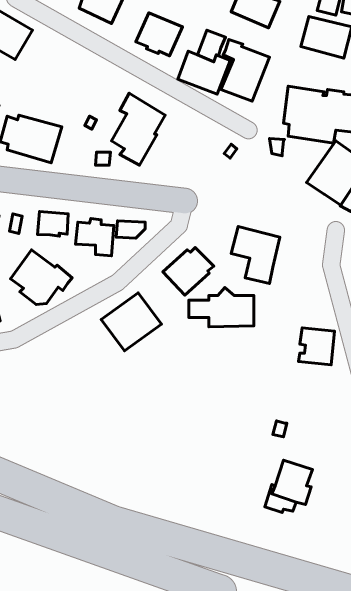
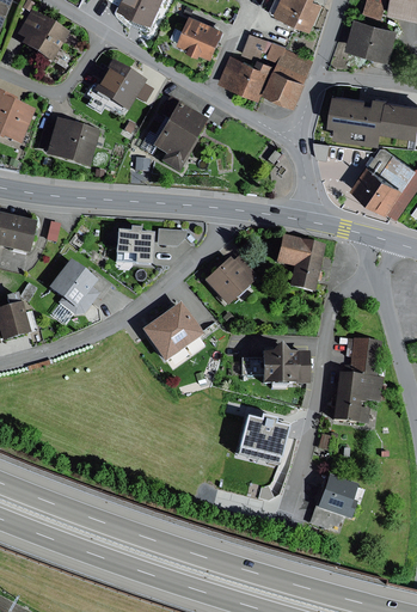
building: none -> [93,60,147,112]
building: [38,212,68,236] -> none
building: [189,287,254,327] -> [241,344,308,385]
building: none -> [333,373,382,423]
building: none -> [237,416,288,466]

